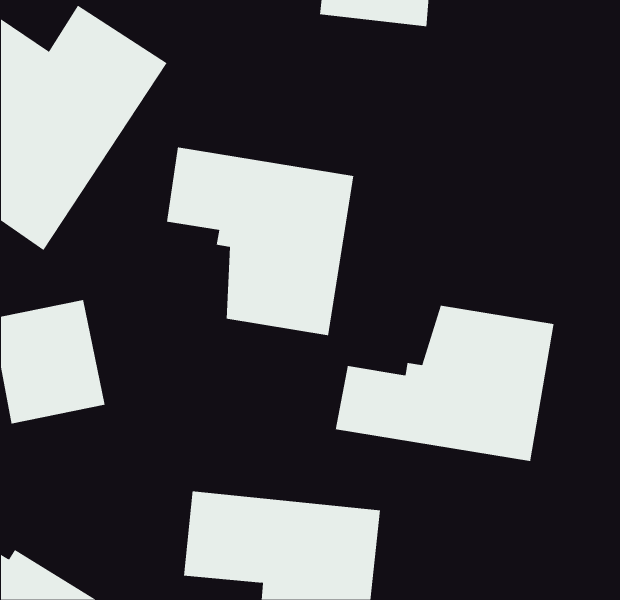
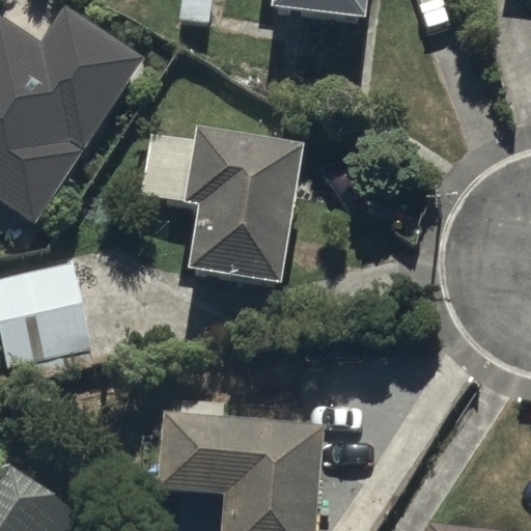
building: [335,305,554,462] -> none

